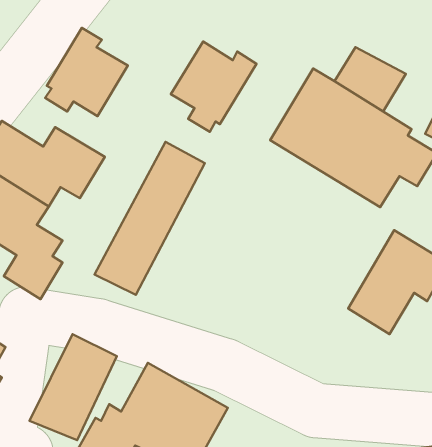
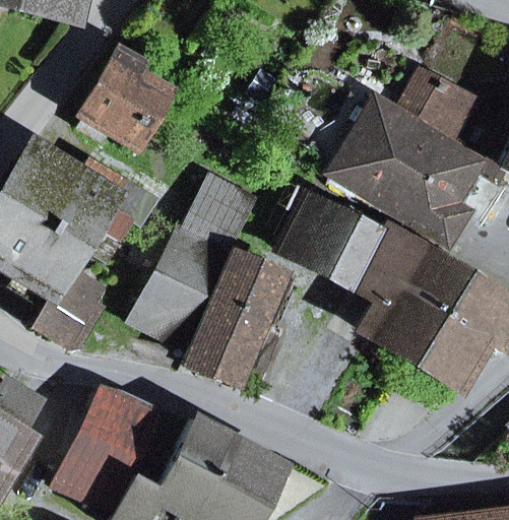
building: [171,42,257,132] -> none
building: none -> [274,192,463,360]
building: none -> [183,254,280,385]

